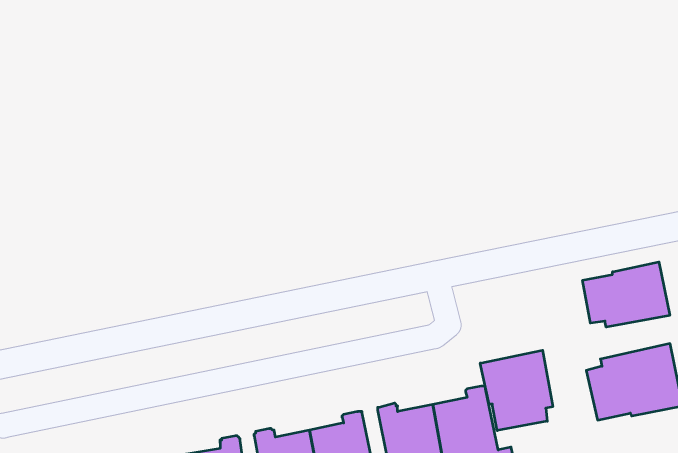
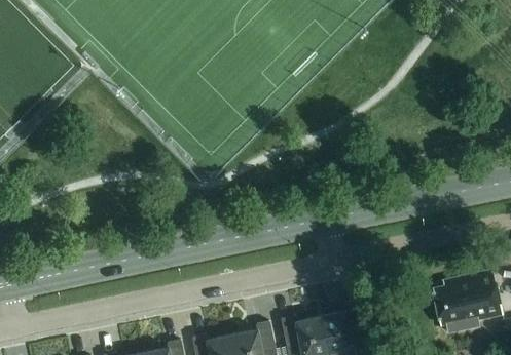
building: [583,262,670,327] -> none
building: [480,350,553,431] -> none

